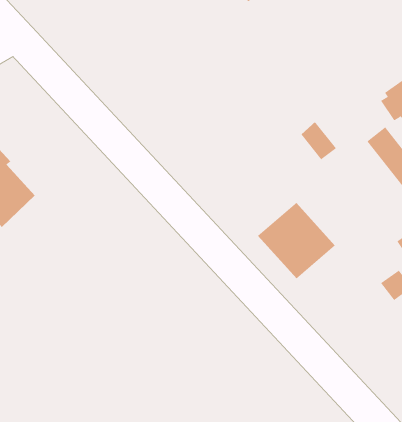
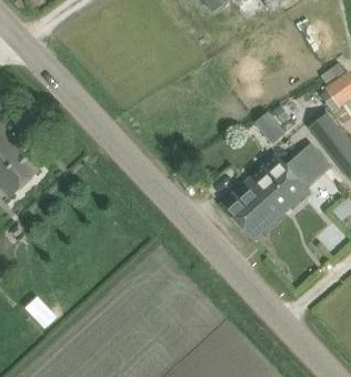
building: none -> [252,144,330,212]

